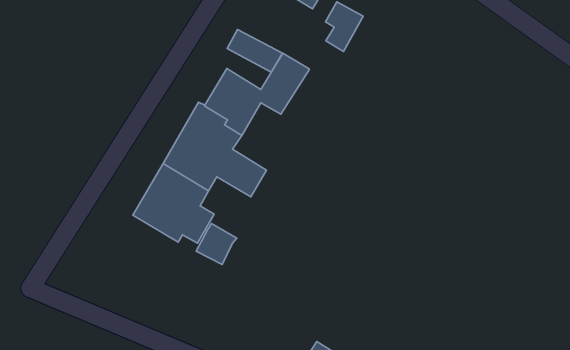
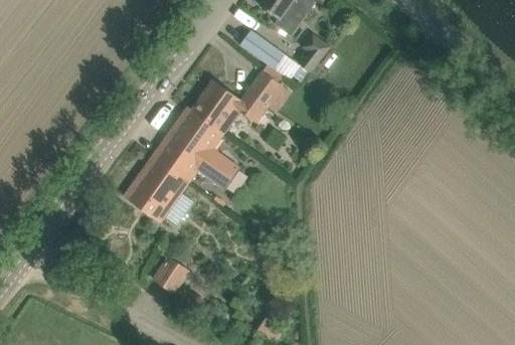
building: [227,30,283,72] -> [238,29,285,67]
building: [196,223,237,264] -> [152,256,187,292]

